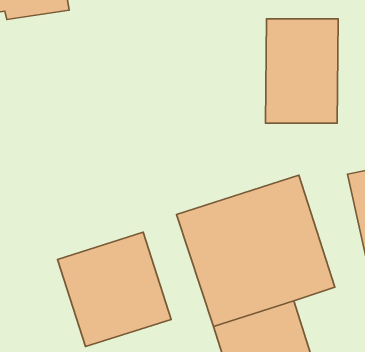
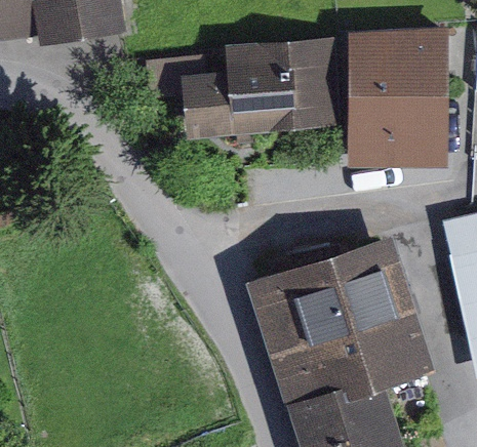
building: none -> [180,46,330,137]
building: [57,232,171,346] -> none

